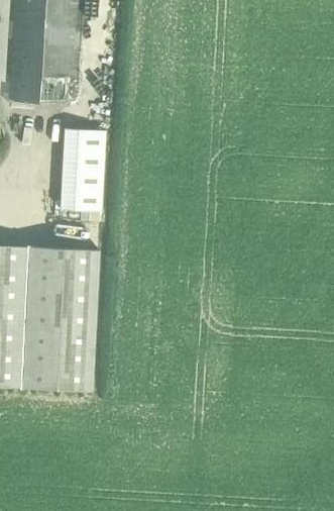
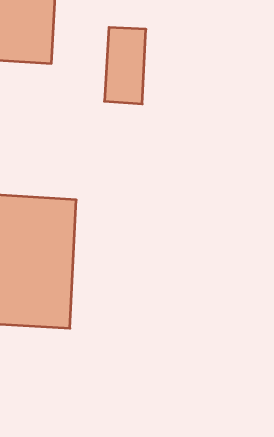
building: [60,129,105,213] -> [104,27,146,104]

